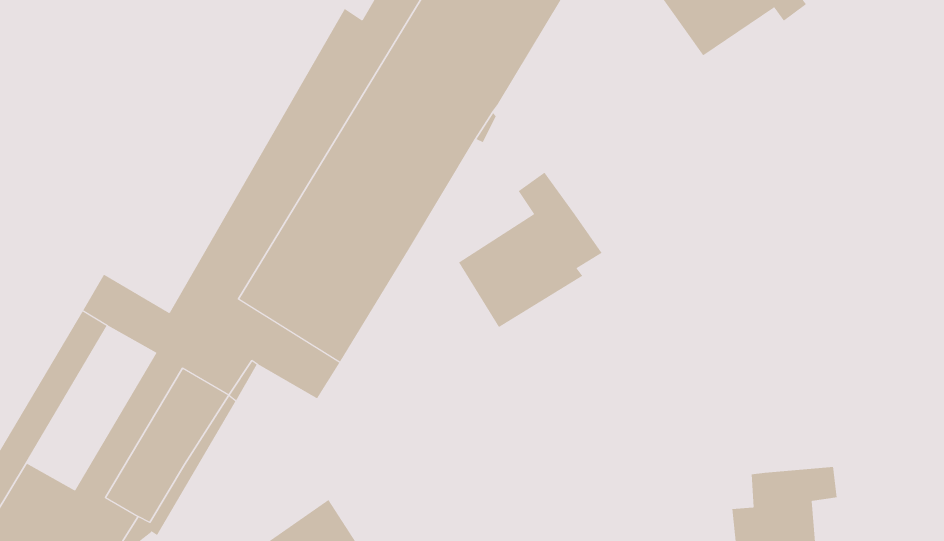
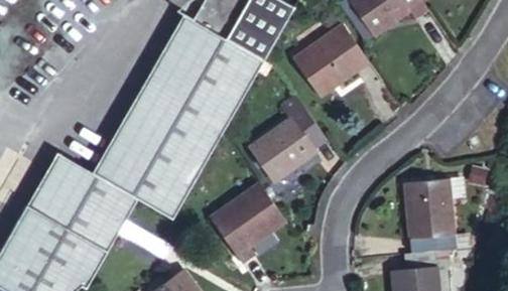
building: none -> [294,22,368,90]
building: none -> [21,177,89,263]
building: none -> [204,180,278,259]
building: none -> [400,181,451,254]

